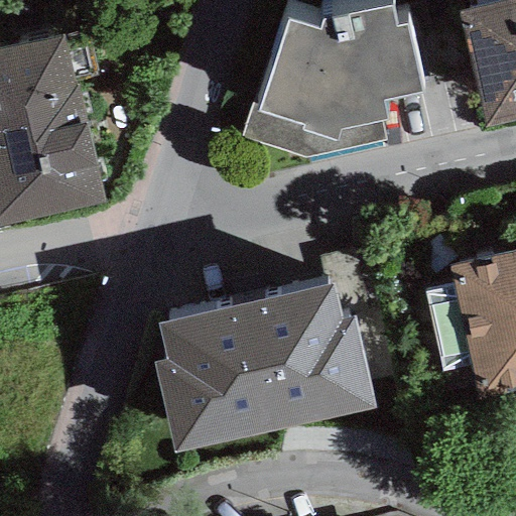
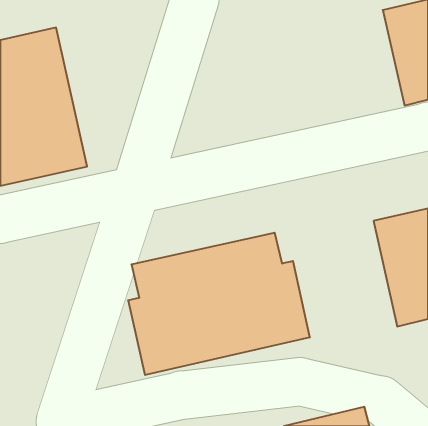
building: [239,4,423,156] -> none

